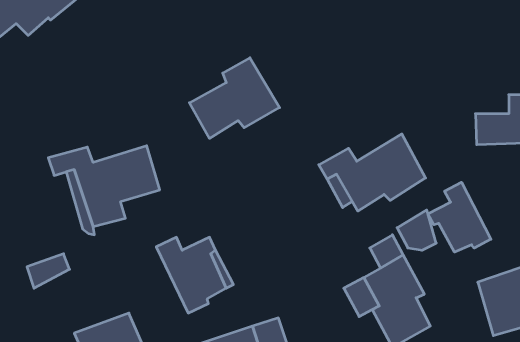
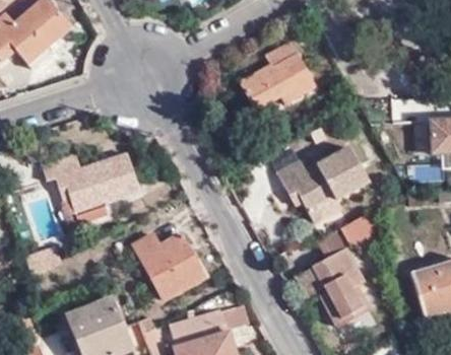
building: [189,58,280,138] -> [238,43,315,112]
building: [428,182,491,252] -> none

